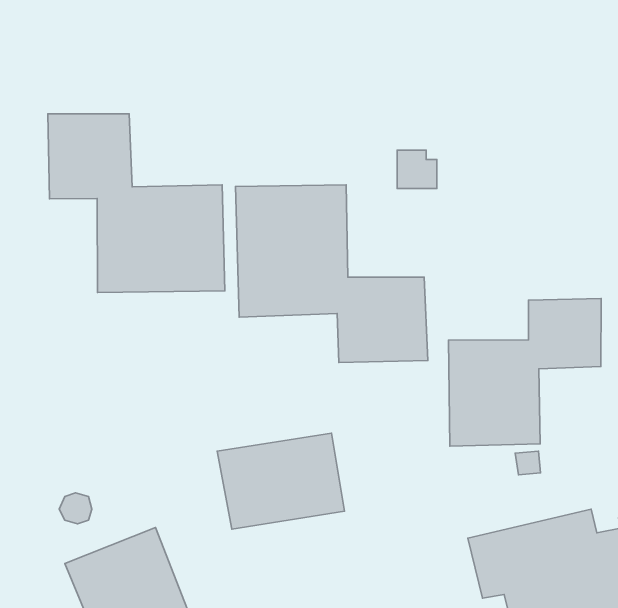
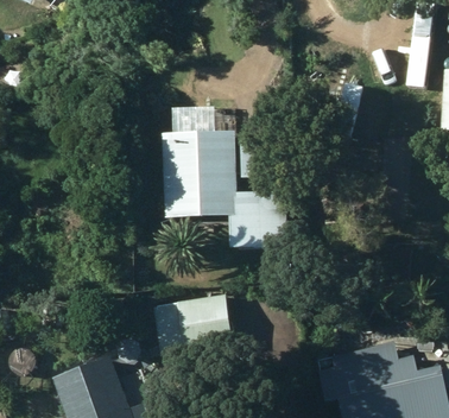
building: [48,114,225,292] -> none
building: [449,299,601,446] -> none

